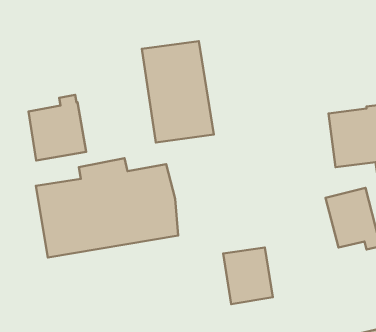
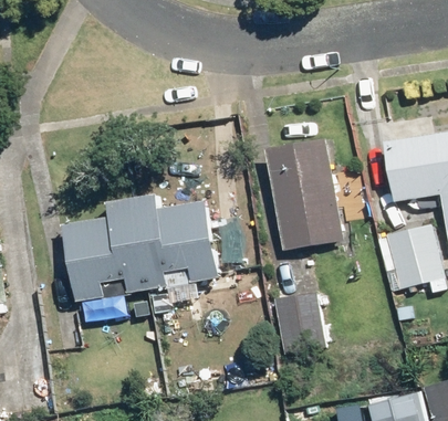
building: [142,41,214,142] -> [264,137,344,250]
building: [28,95,86,160] -> none

